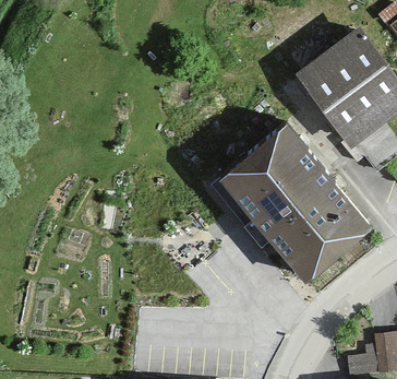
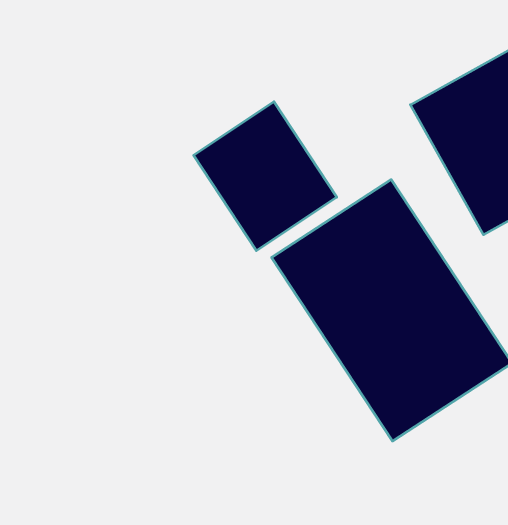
building: none -> [194,102,337,251]

